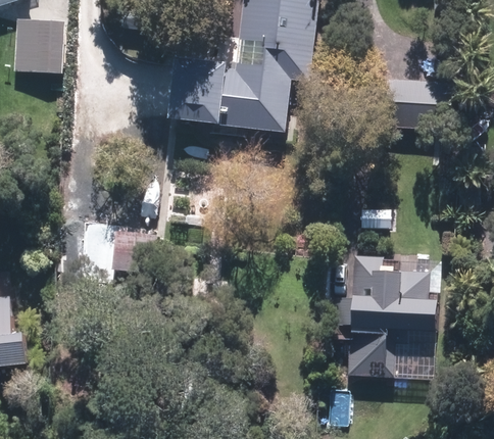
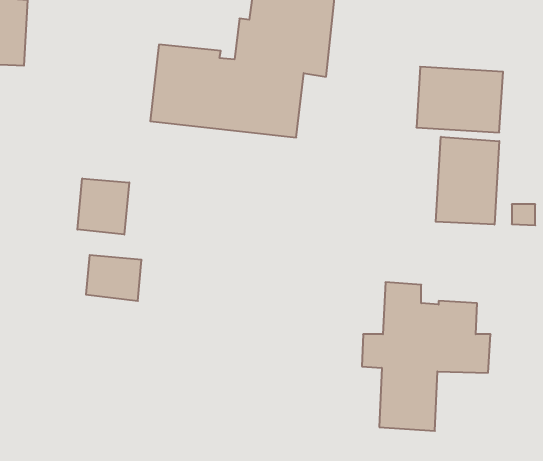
building: none -> [436,137,499,225]
building: none -> [77,178,129,235]

